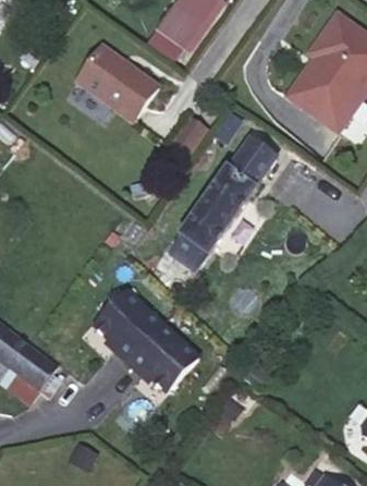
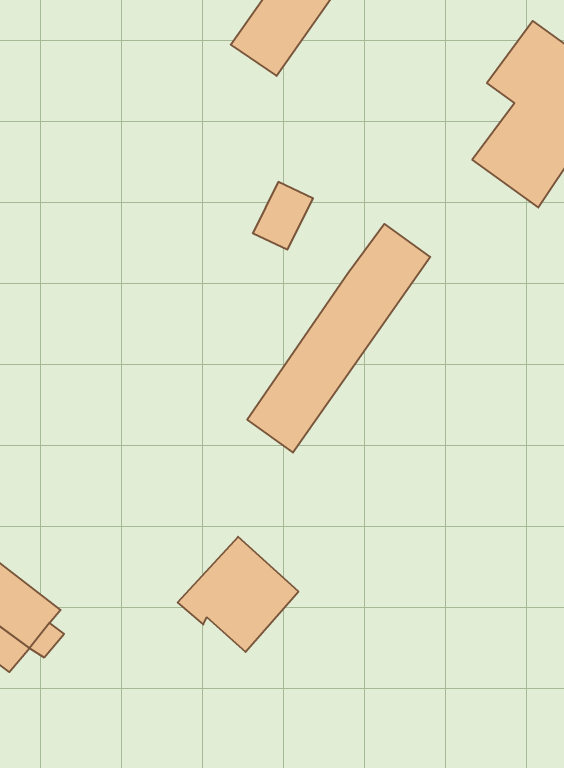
building: [75,45,158,121] -> none
building: [93,289,161,361] -> none

